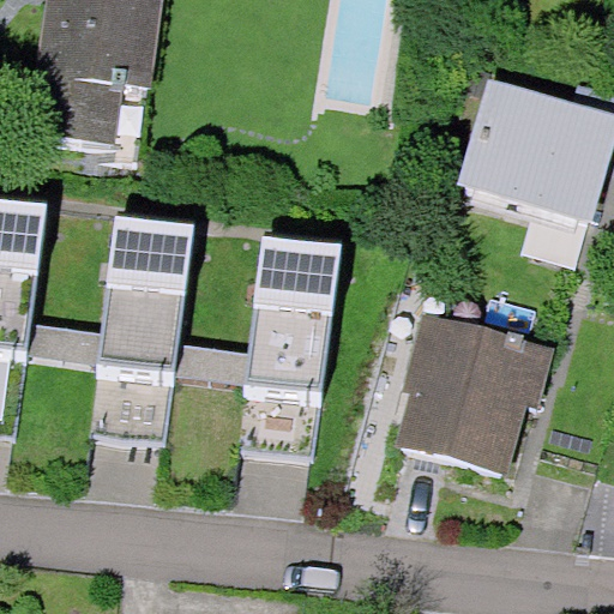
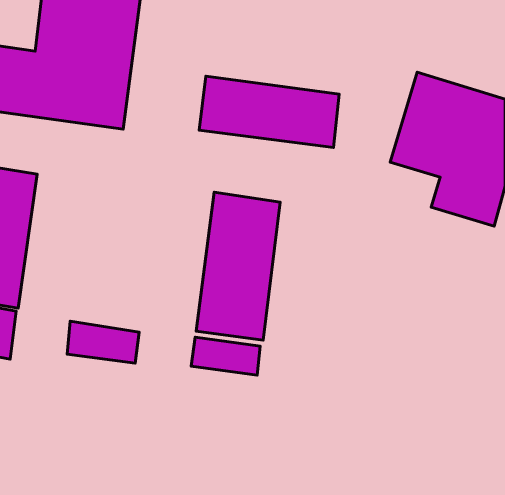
building: none -> [199,76,339,148]
building: [84,211,189,393] -> none
building: [393,313,556,469] -> none

